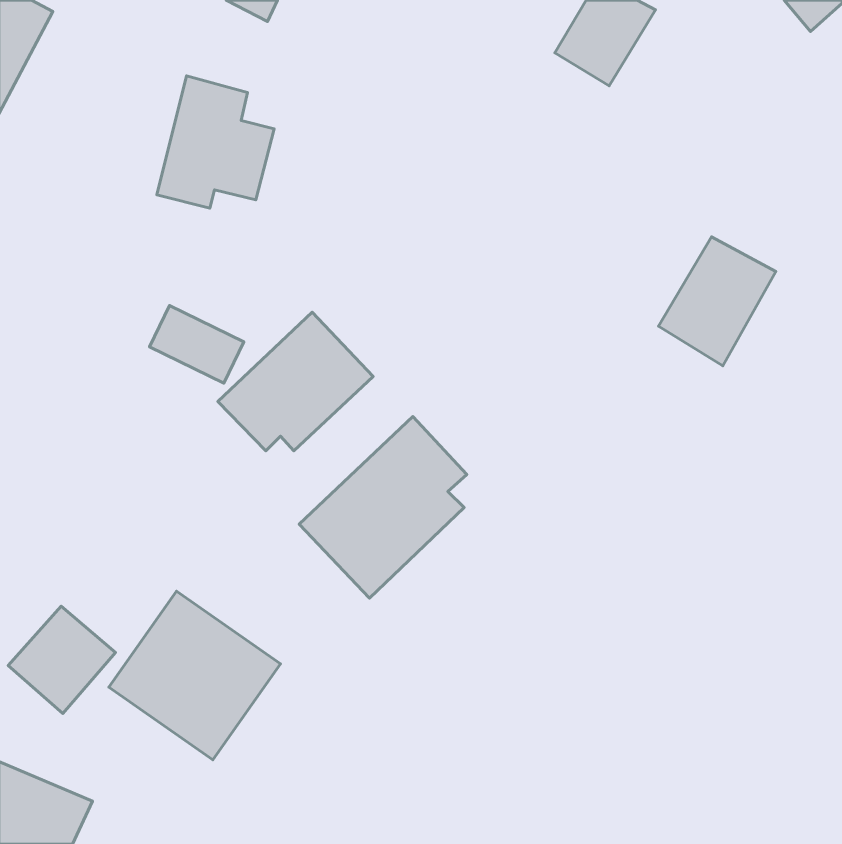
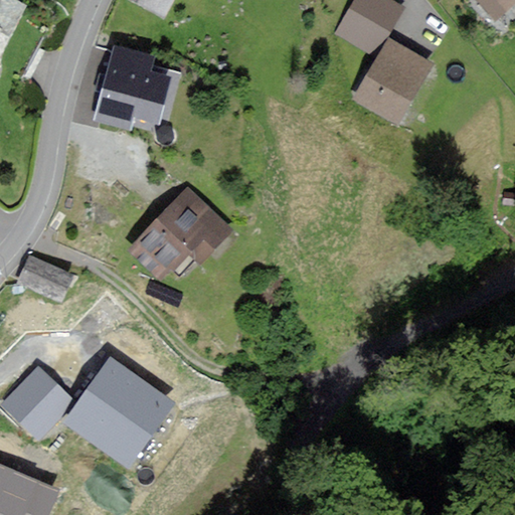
building: [659,237,776,366] -> [357,40,428,119]
building: [150,306,244,383] -> [17,254,74,302]
building: [299,416,467,598] -> none

